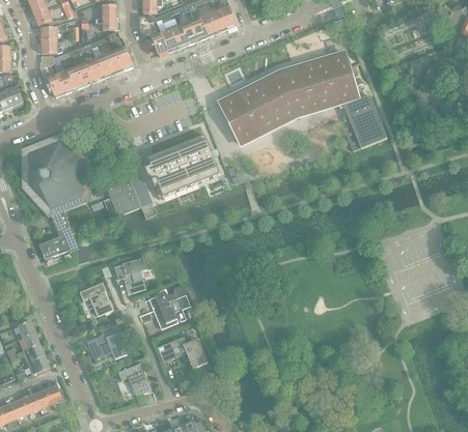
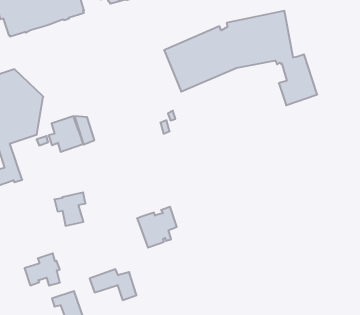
building: [144,135,219,198] -> none
building: [78,282,113,316] -> none
building: [147,284,190,328] -> [137,207,177,248]

